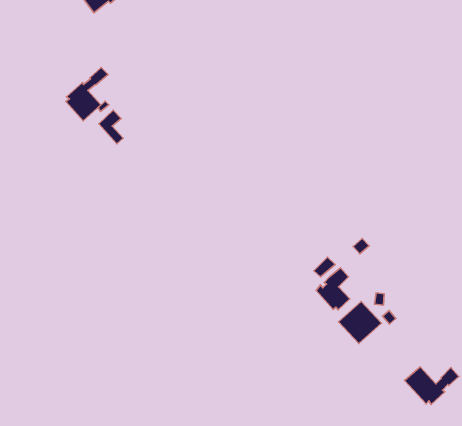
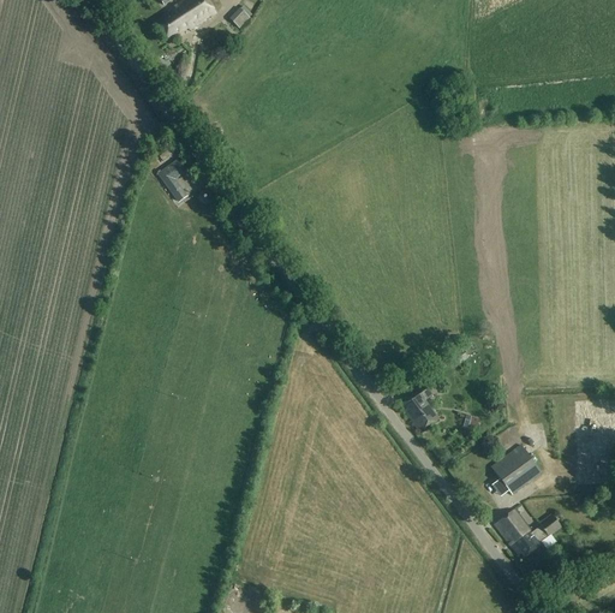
building: [66,67,108,121] -> none
building: [339,302,382,344] -> [491,444,543,494]

